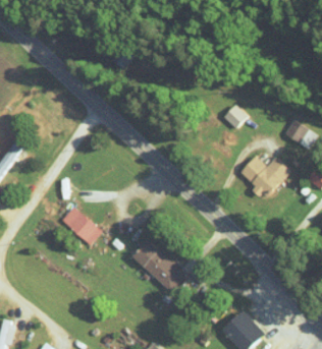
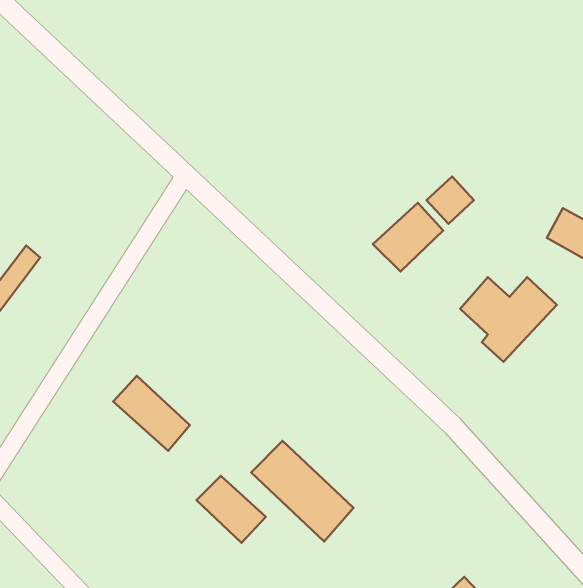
building: none -> [373,203,443,271]
building: none -> [197,476,266,543]

